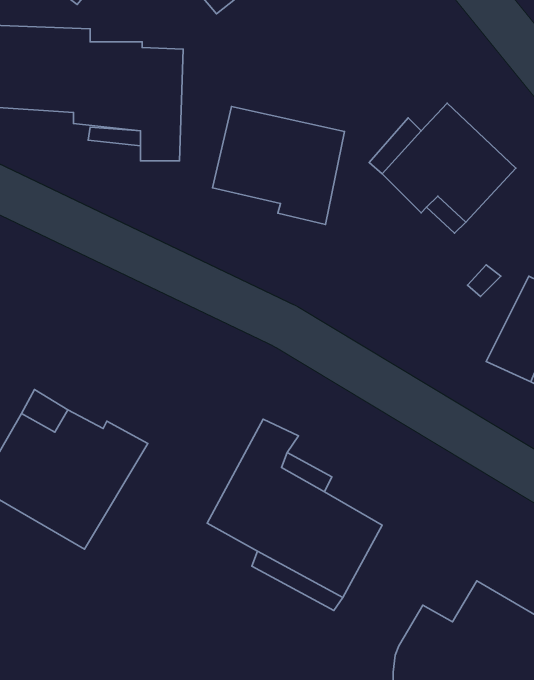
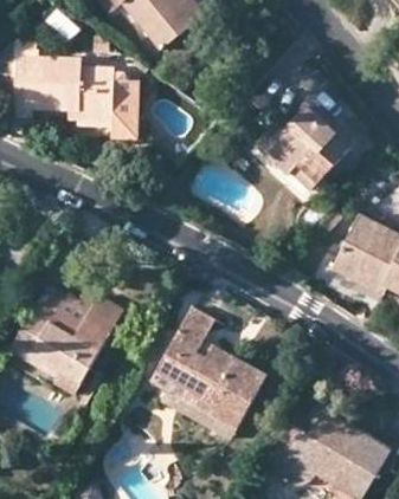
building: [212,107,345,225] -> none

